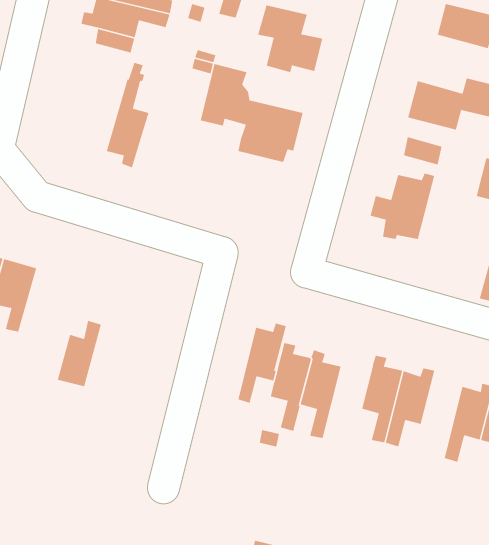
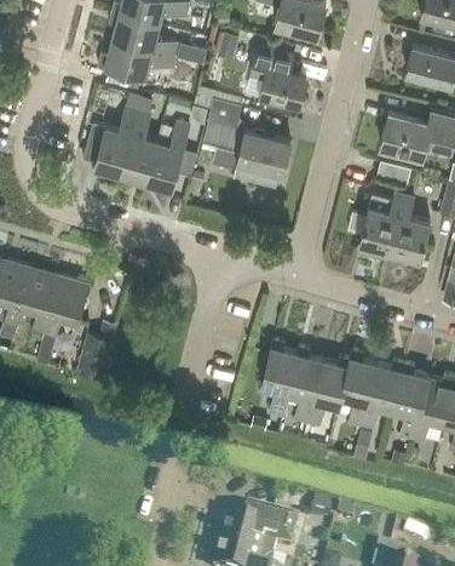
building: none -> [82,108,138,177]
building: none -> [143,122,190,191]
building: none -> [390,195,430,264]
building: none -> [36,275,90,364]
building: [237,323,286,404] -> [307,356,350,427]
building: none -> [392,364,427,440]

